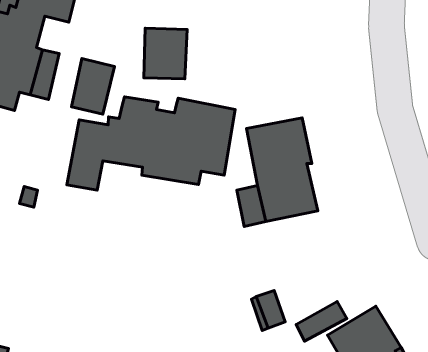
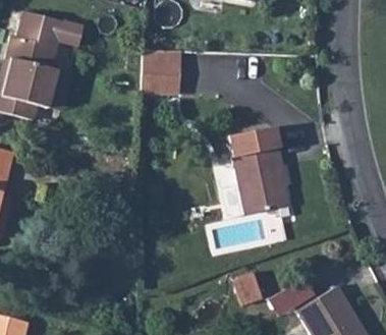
building: [71,59,114,114] -> none
building: [67,97,235,190] -> none

